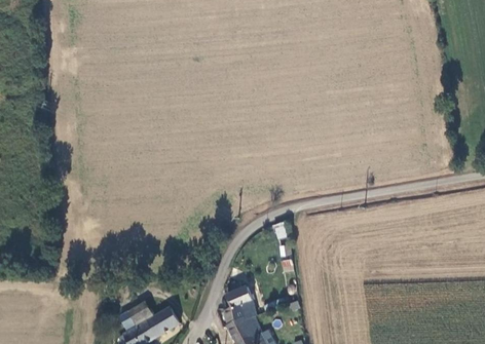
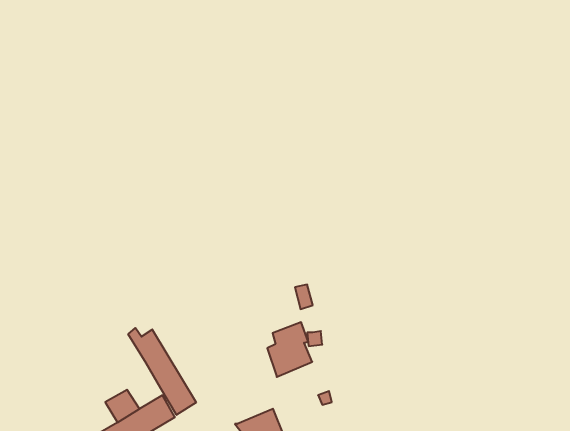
building: none -> [128,328,196,415]
building: [221,286,255,328] -> [267,322,312,377]

